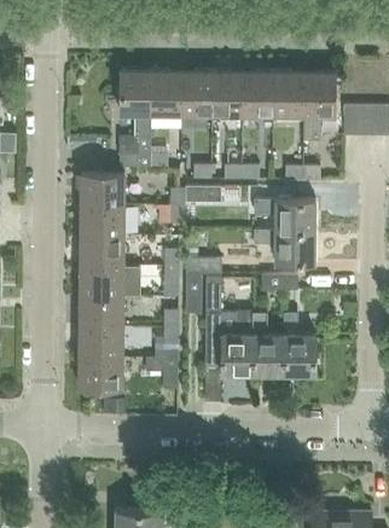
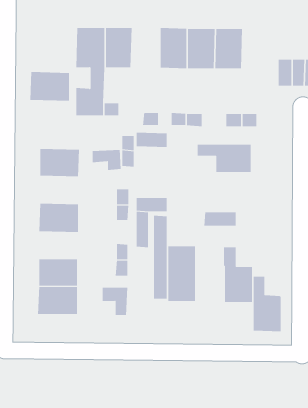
building: [181,70,213,115] -> none
building: [303,71,333,139] -> none
building: [80,173,124,205] -> [29,72,70,101]
building: [254,231,314,262] -> none
building: [80,234,123,266] -> none
building: [79,296,123,326] -> none
building: [252,313,284,375] -> [253,276,281,332]

